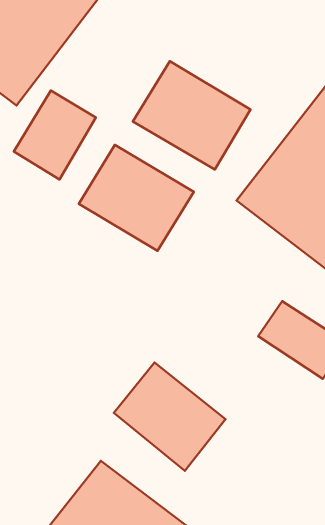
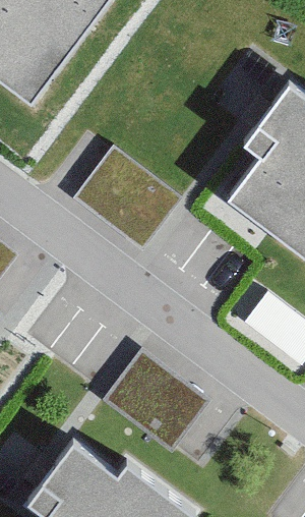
building: [133,61,251,170] -> none
building: [14,90,96,179] -> none

